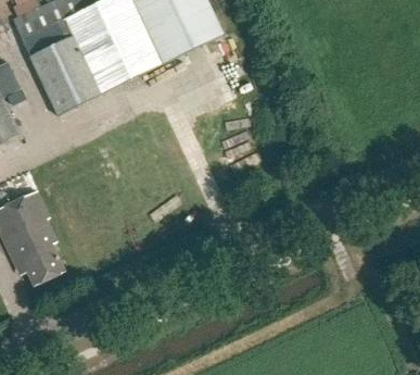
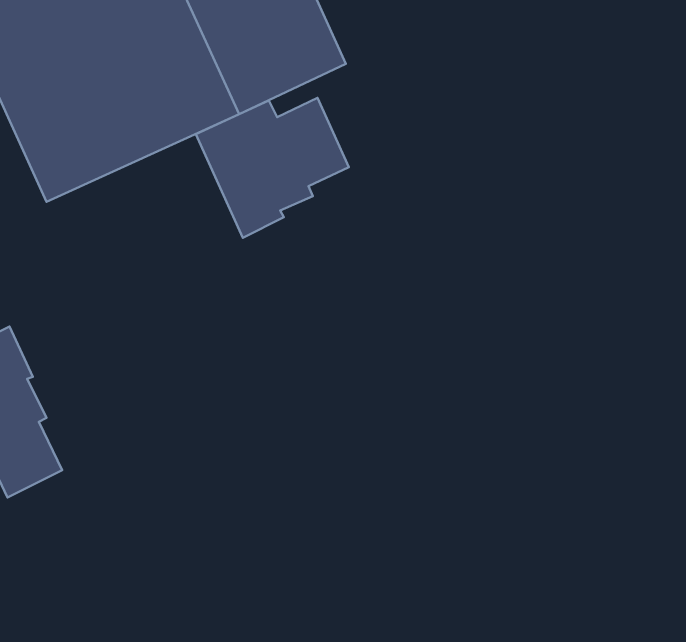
building: none -> [196,98,349,238]

